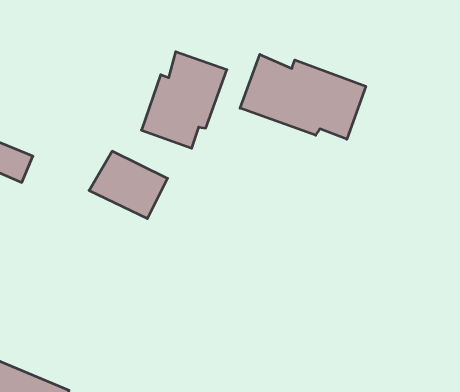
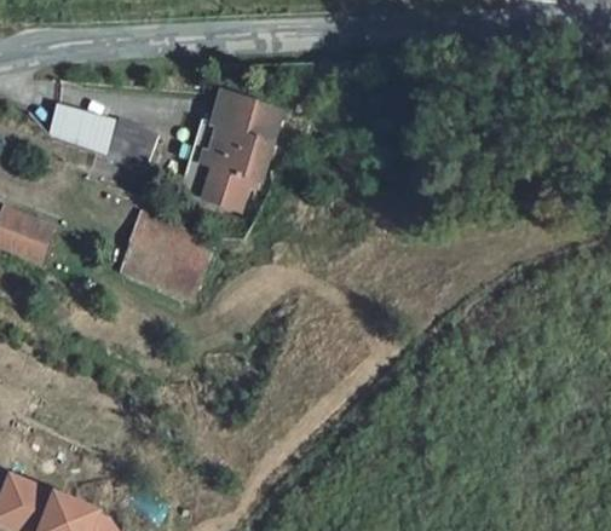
building: [240,54,366,139] -> none
building: none -> [52,109,154,171]

